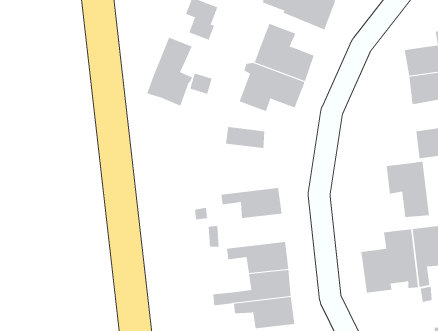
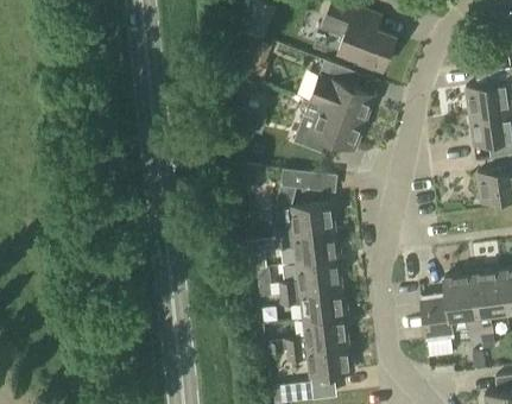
building: [147,37,193,106] -> none
building: none -> [273,202,335,239]
building: [386,161,429,218] -> none
building: none -> [279,259,342,295]

